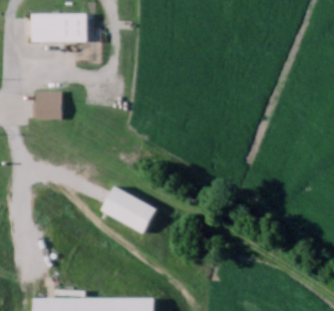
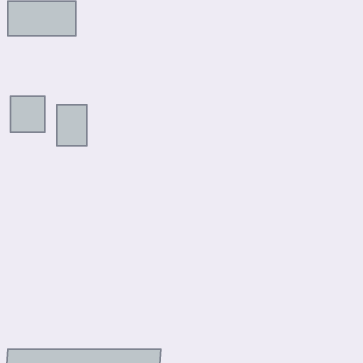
building: none -> [57,105,87,146]
building: [101,187,158,234] -> none

